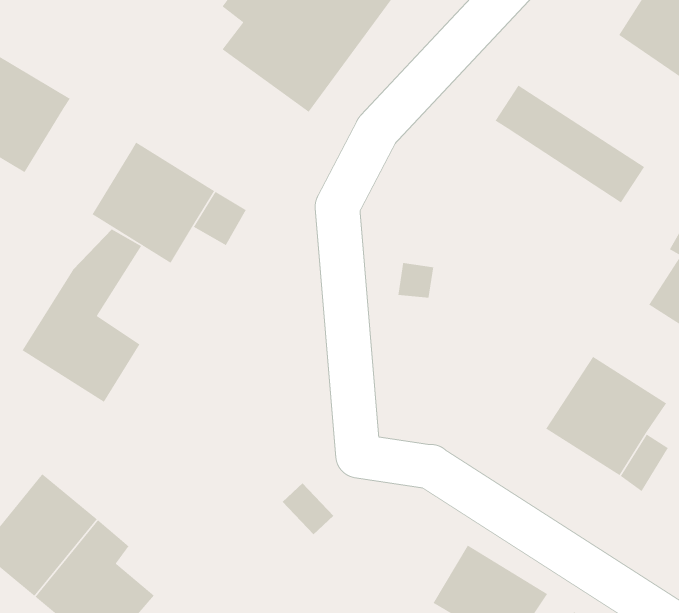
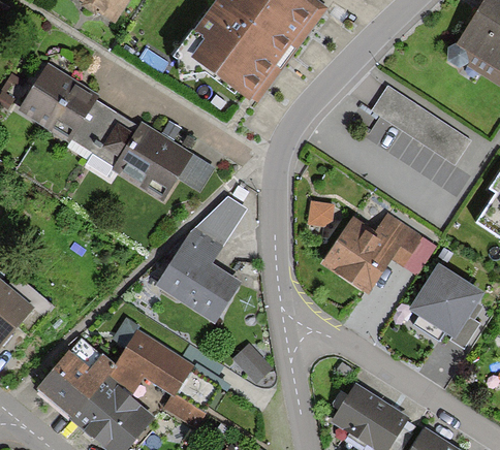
building: none -> [67,100,136,169]
building: [22,228,142,403] -> [159,205,238,319]
building: none -> [323,217,418,292]
building: none -> [115,330,216,422]

